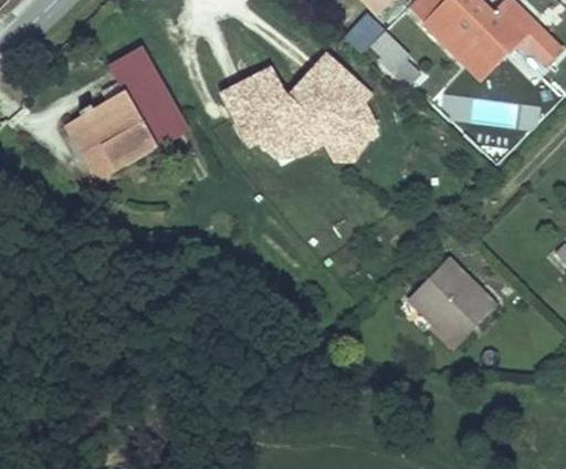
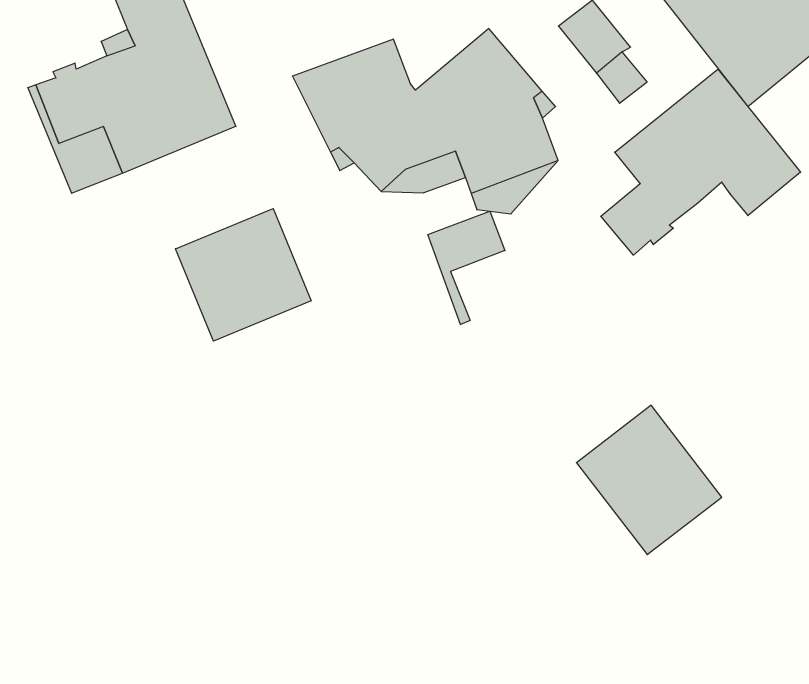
building: none -> [601,69,801,255]
building: none -> [428,211,505,325]
building: none -> [175,209,311,341]

